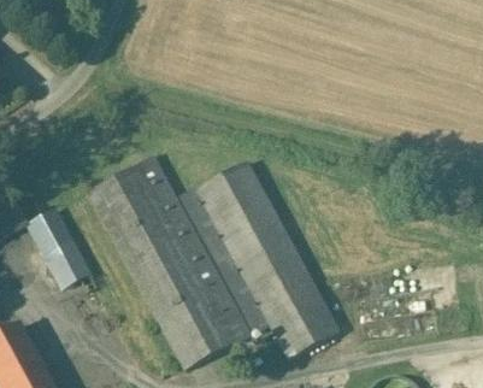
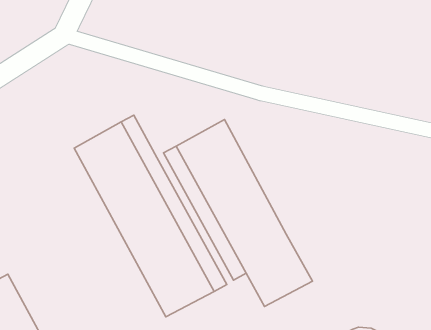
building: [28,208,88,287] -> none

